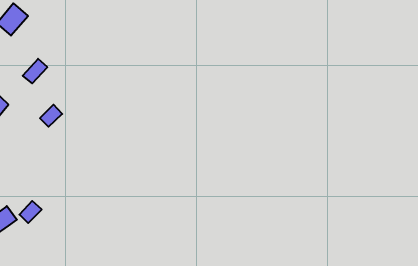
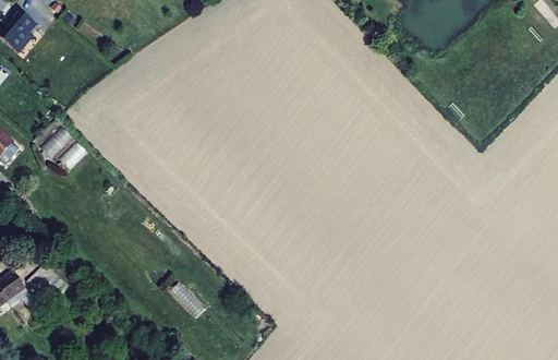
building: [23,59,47,83] -> [38,125,70,157]

